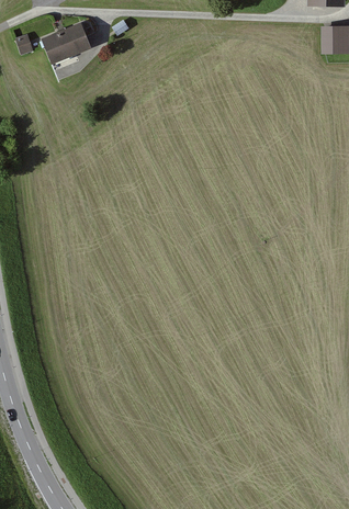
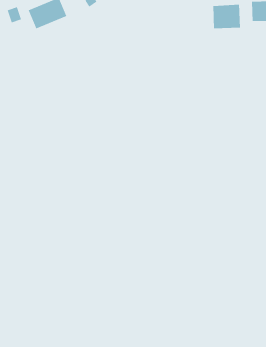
building: none -> [213,4,241,29]

